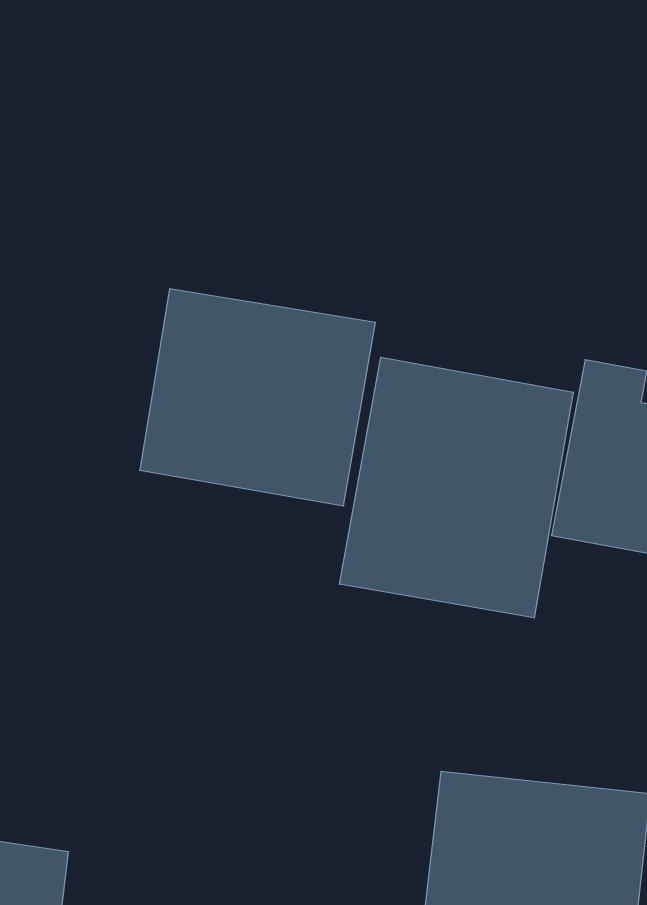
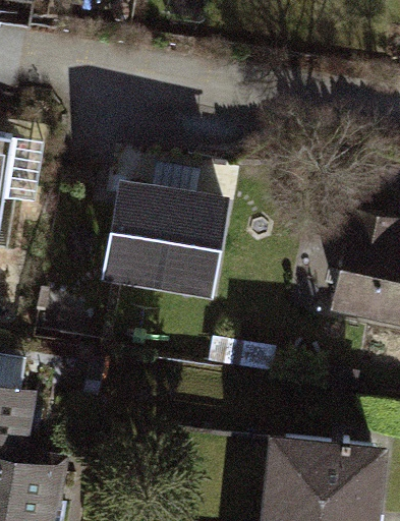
building: [339,357,573,618] -> none

